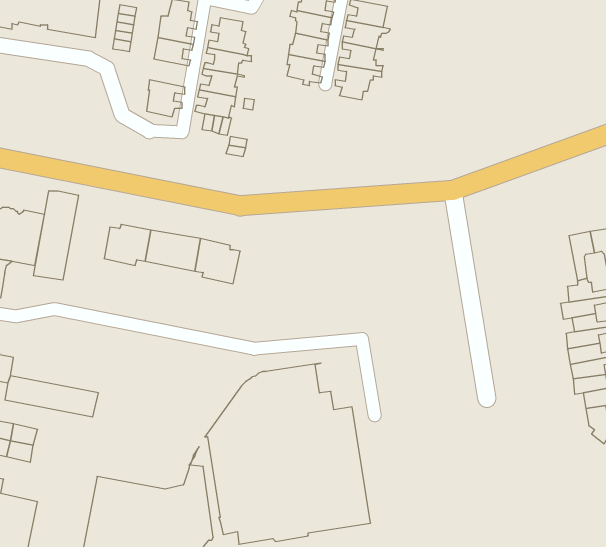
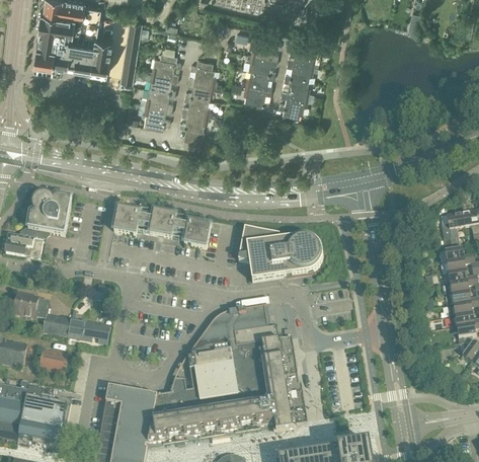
building: none -> [140,86,174,106]
building: [33,191,78,280] -> none
building: none -> [238,226,322,280]

